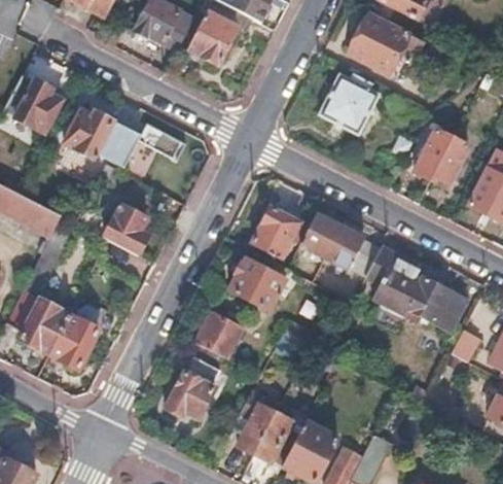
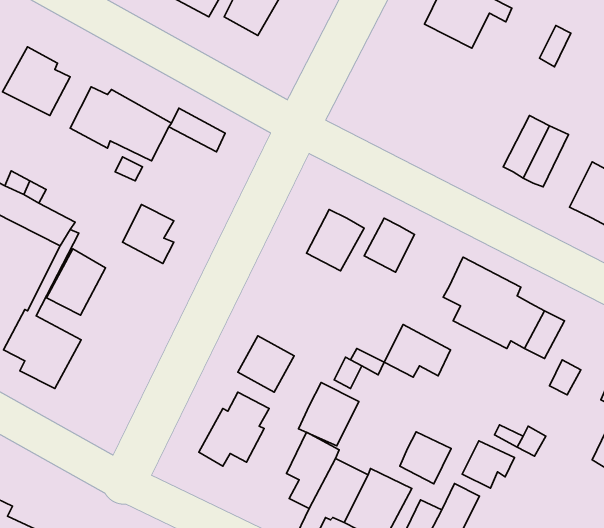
building: [319,74,379,135] -> none
building: [326,228,381,271] -> [384,325,451,377]
building: [230,251,291,310] -> none
building: [46,314,95,369] -> [47,249,105,315]
building: none -> [299,382,359,446]
building: none -> [400,432,451,484]
building: none -> [462,441,514,488]

